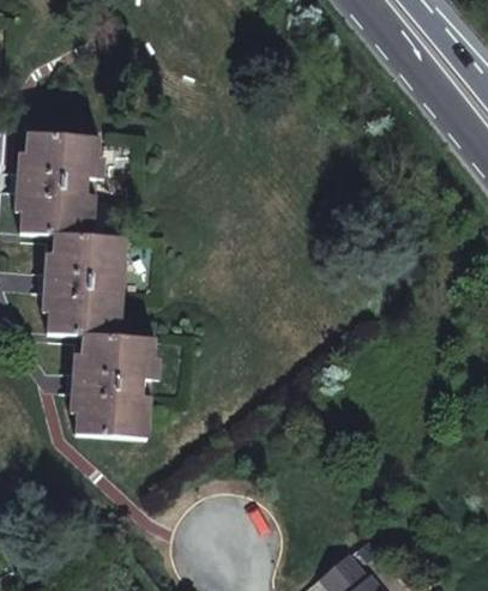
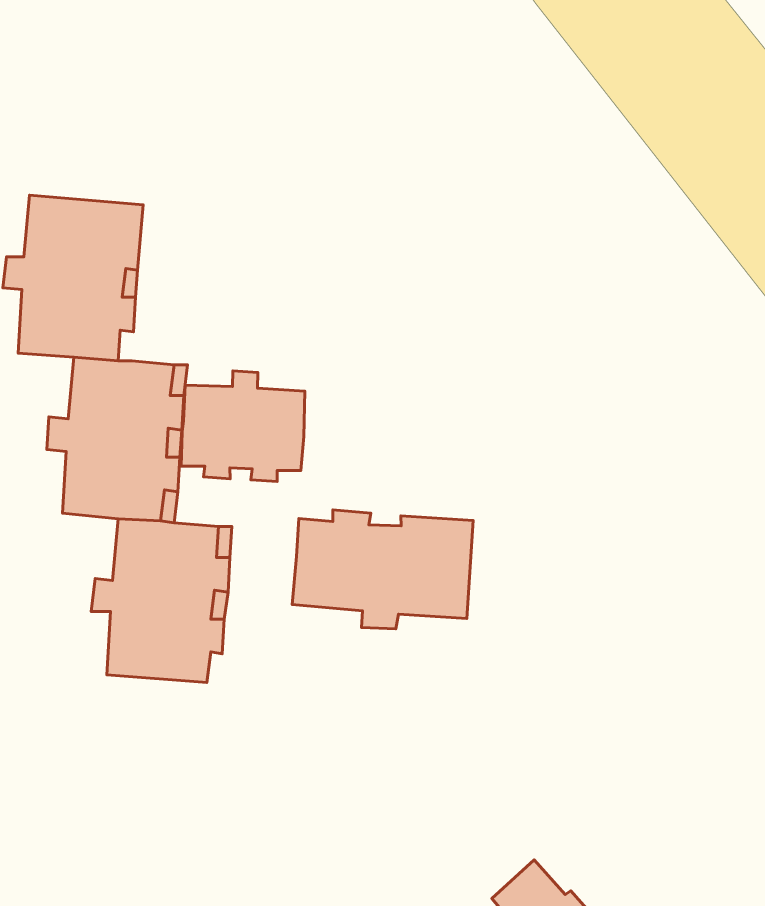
building: none -> [181,371,305,482]
building: none -> [292,510,473,629]

